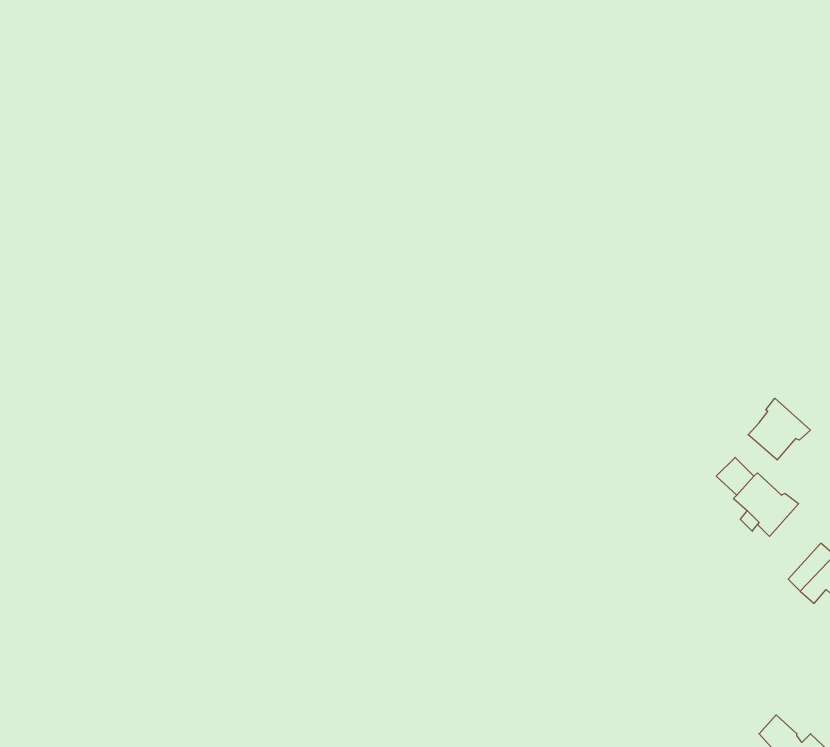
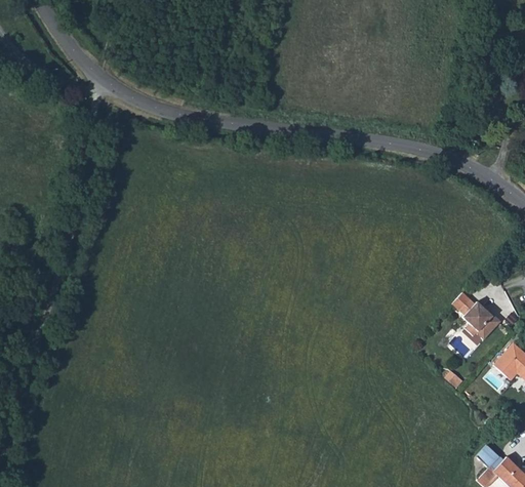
building: [748,398,810,460] -> none

